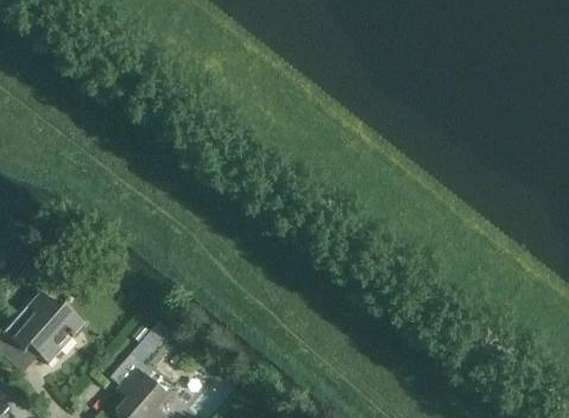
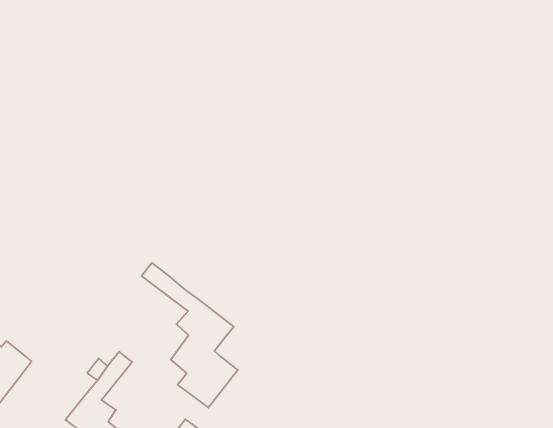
building: none -> [142,263,238,408]

